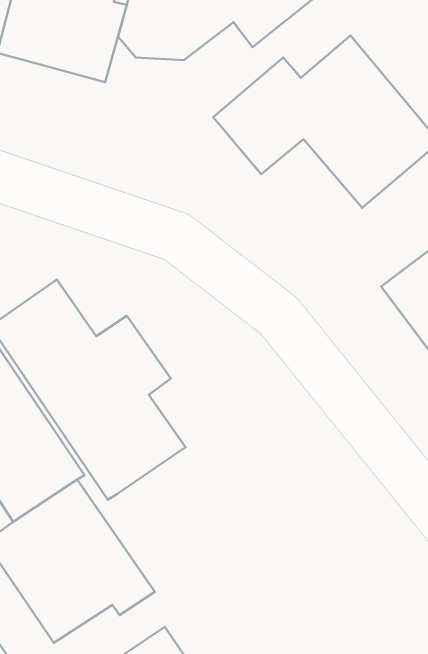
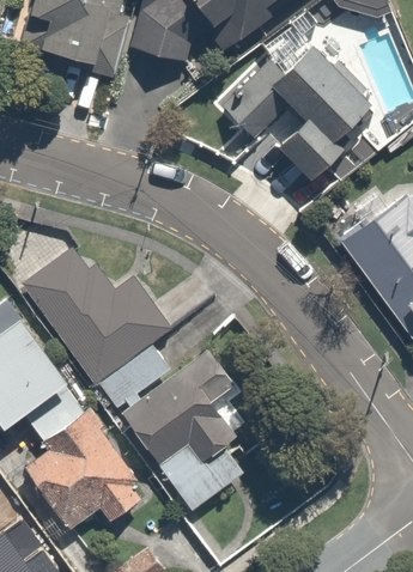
building: none -> [121,348,255,510]

